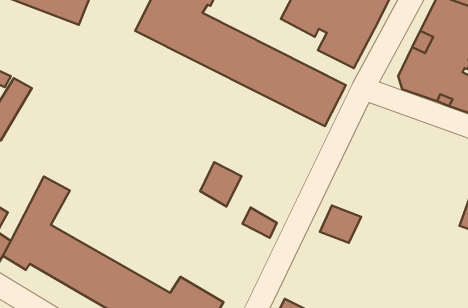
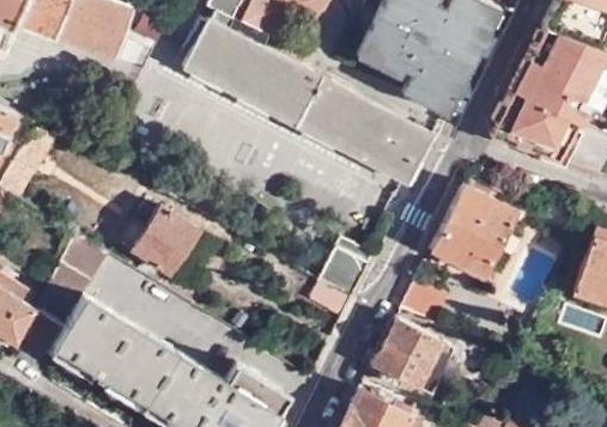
building: none -> [431,184,516,275]
building: none -> [115,208,196,279]
building: [200,162,241,206] -> [320,245,369,298]
building: none -> [372,317,459,391]

